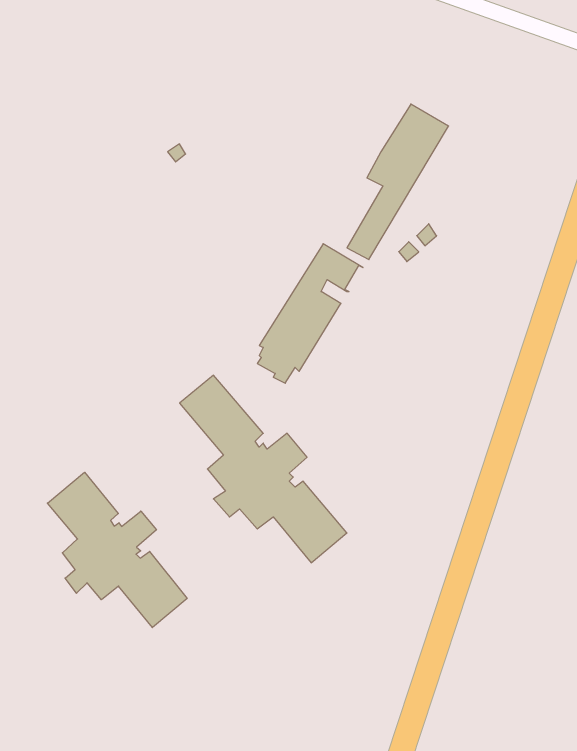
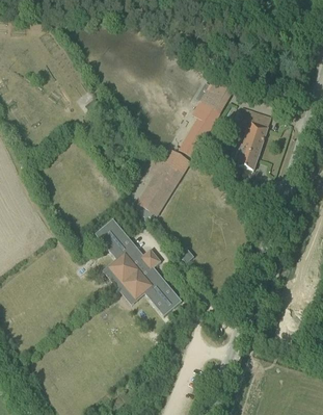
building: none -> [235,106,271,171]
building: [47,472,187,628] -> none

